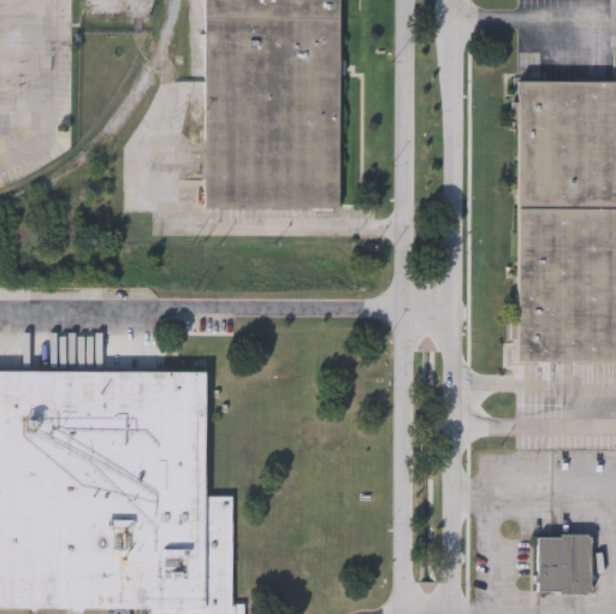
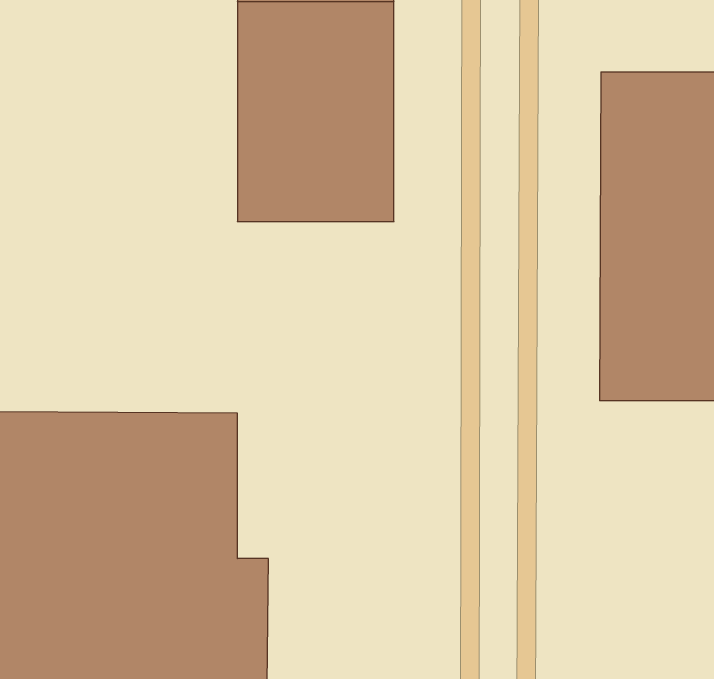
building: [537,535,591,591] -> none

